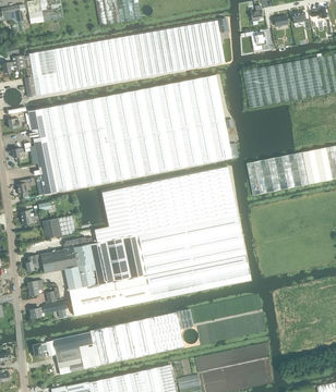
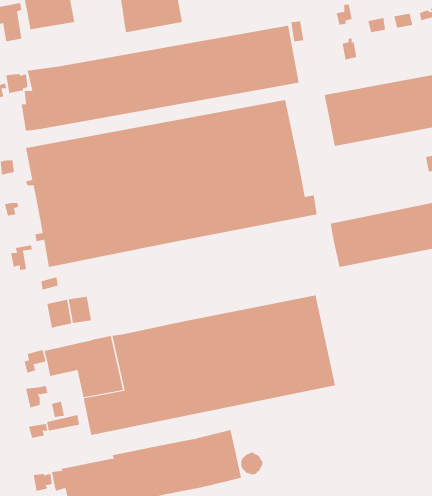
building: [95,167,238,243] -> none

